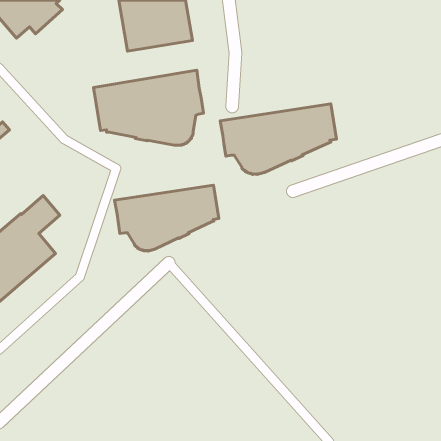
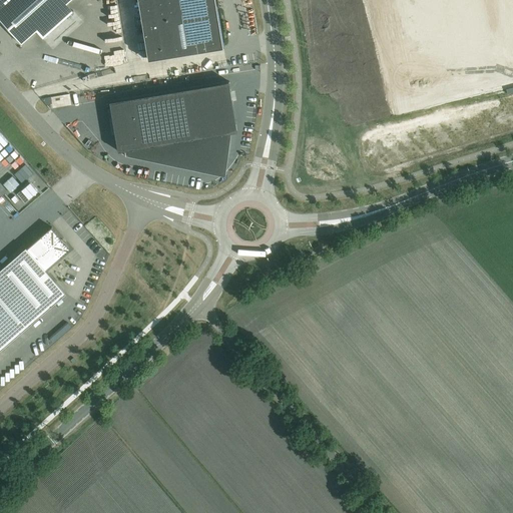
building: [220,104,336,174] -> none
building: [115,185,219,251] -> none

